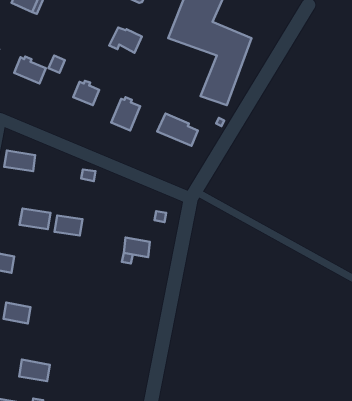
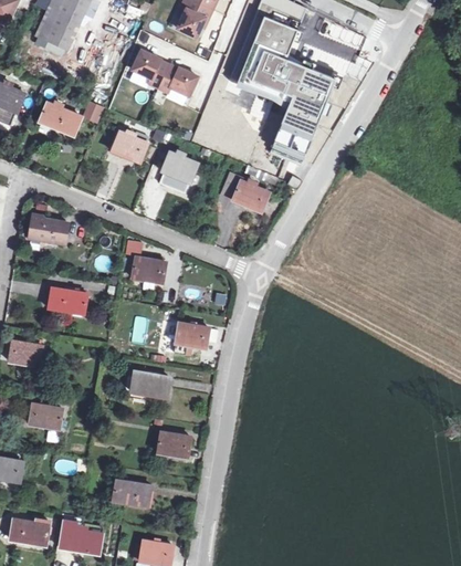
building: none -> [133,51,169,88]
building: [55,216,83,235] -> [132,258,166,282]
building: none -> [130,370,168,397]
building: none -> [157,431,189,457]
building: [19,359,50,381] -> [113,479,150,505]

